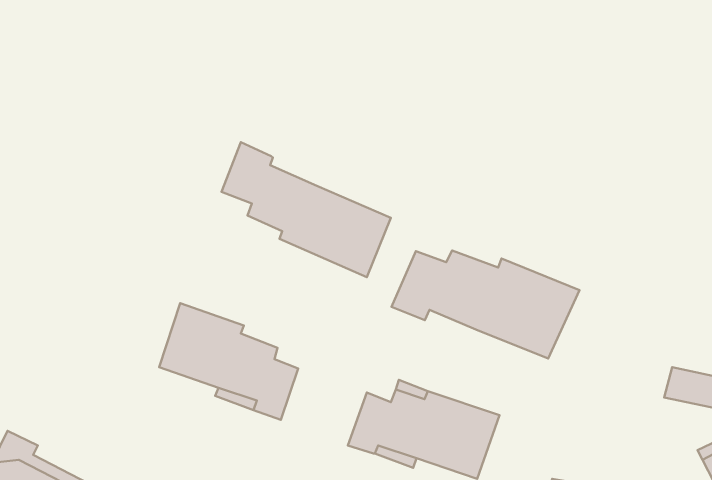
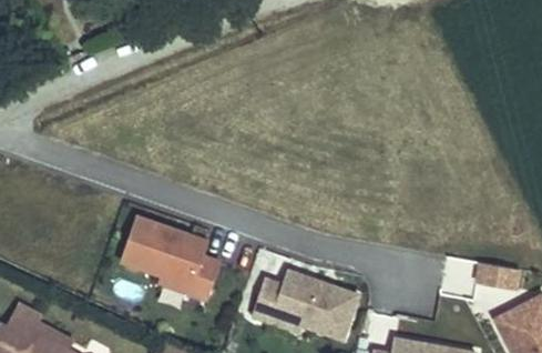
building: [222,142,391,277] -> none
building: [392,250,579,359] -> none

